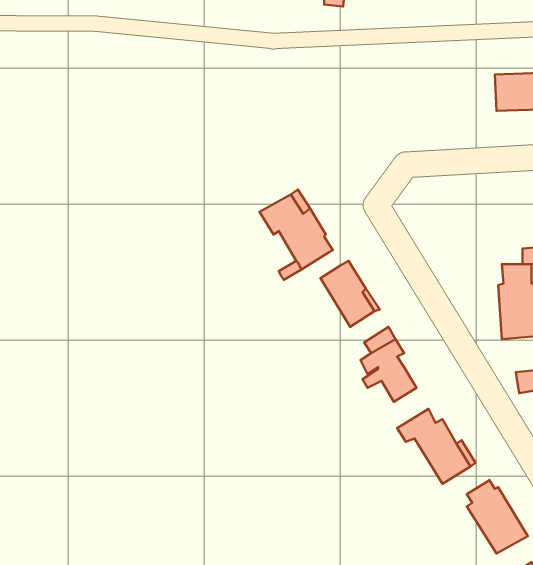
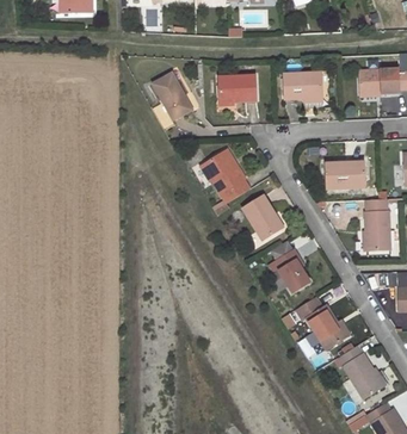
building: none -> [283,69,322,106]
building: none -> [152,73,192,123]
building: none -> [216,73,252,100]
building: none -> [326,162,368,186]

